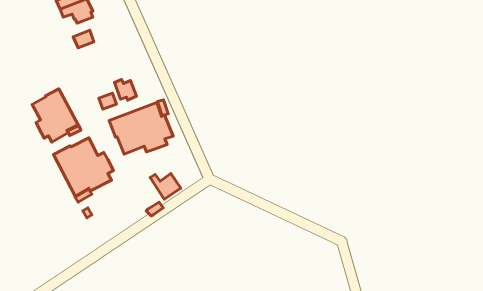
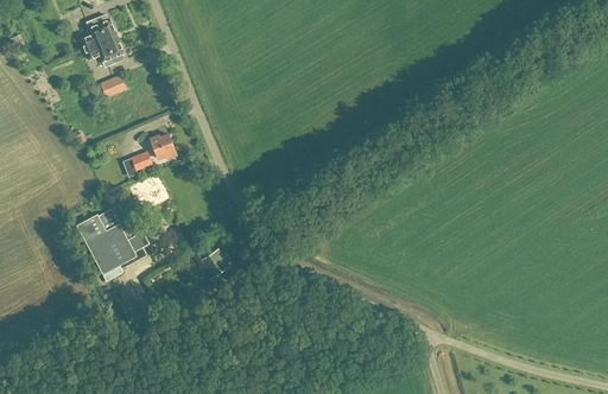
building: [32,89,81,142] -> none
building: [109,100,173,154] -> none

